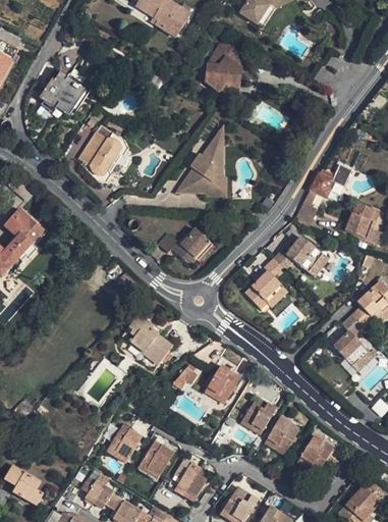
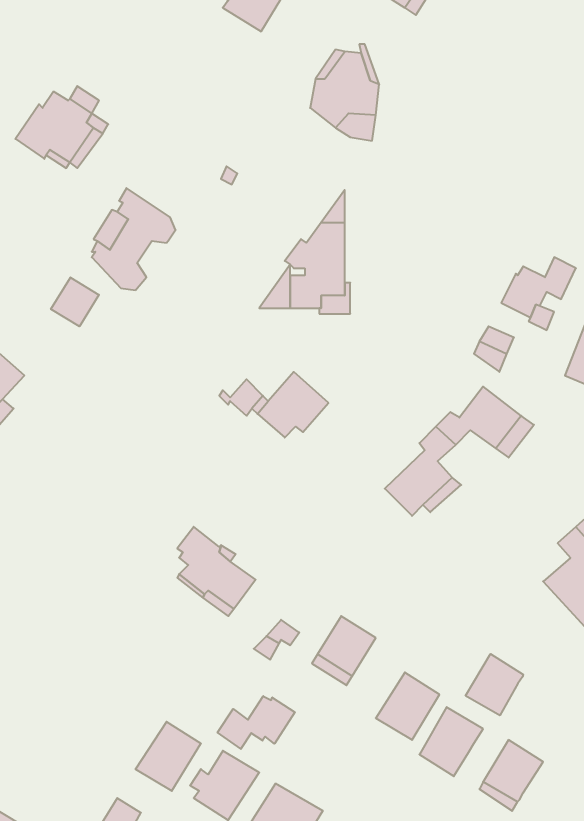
building: none -> [51,277,99,326]
building: none -> [466,654,523,715]
building: none -> [218,696,295,749]

